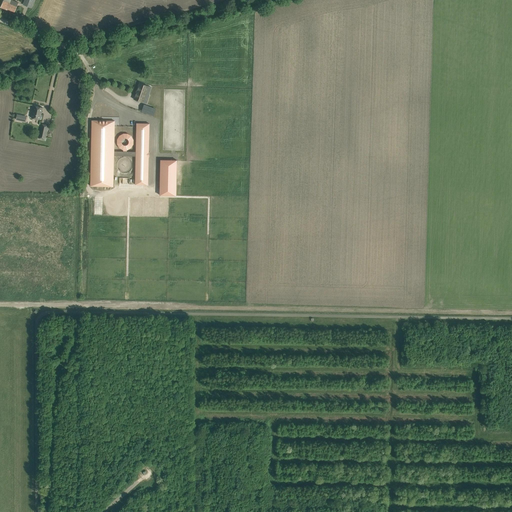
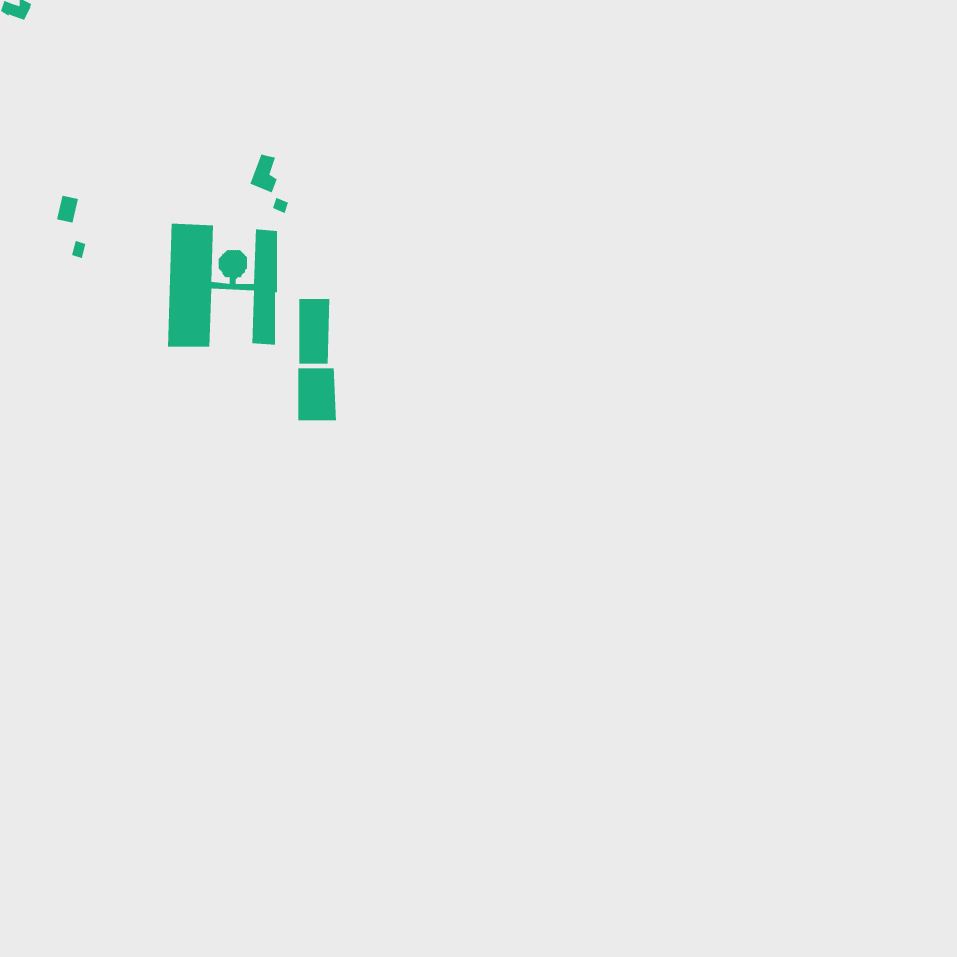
building: none -> [298,368,337,421]

